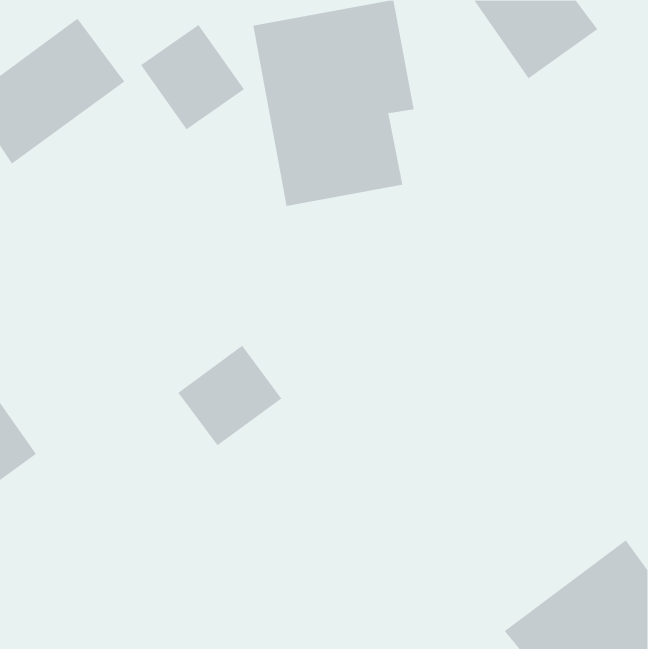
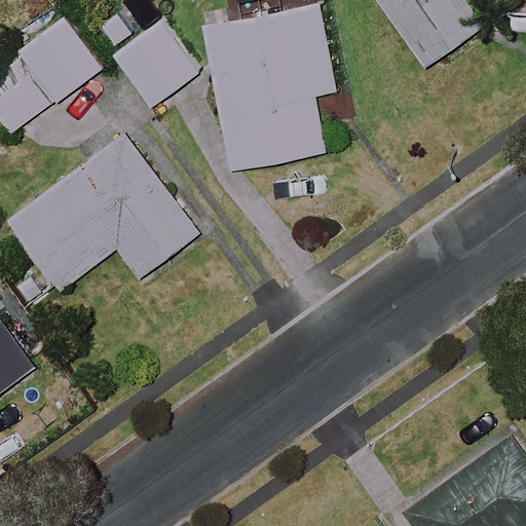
building: none -> [8,135,197,290]
building: [177,345,282,446] -> none

